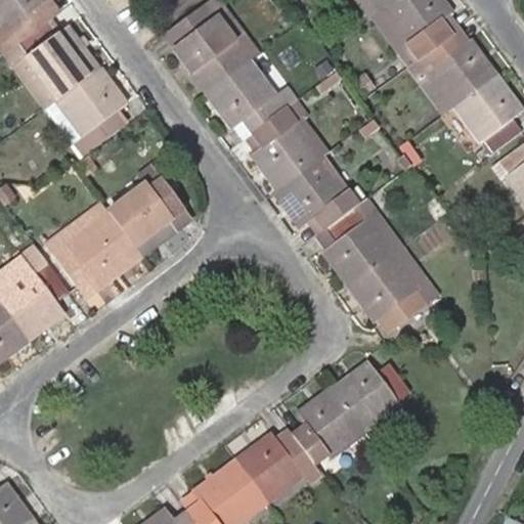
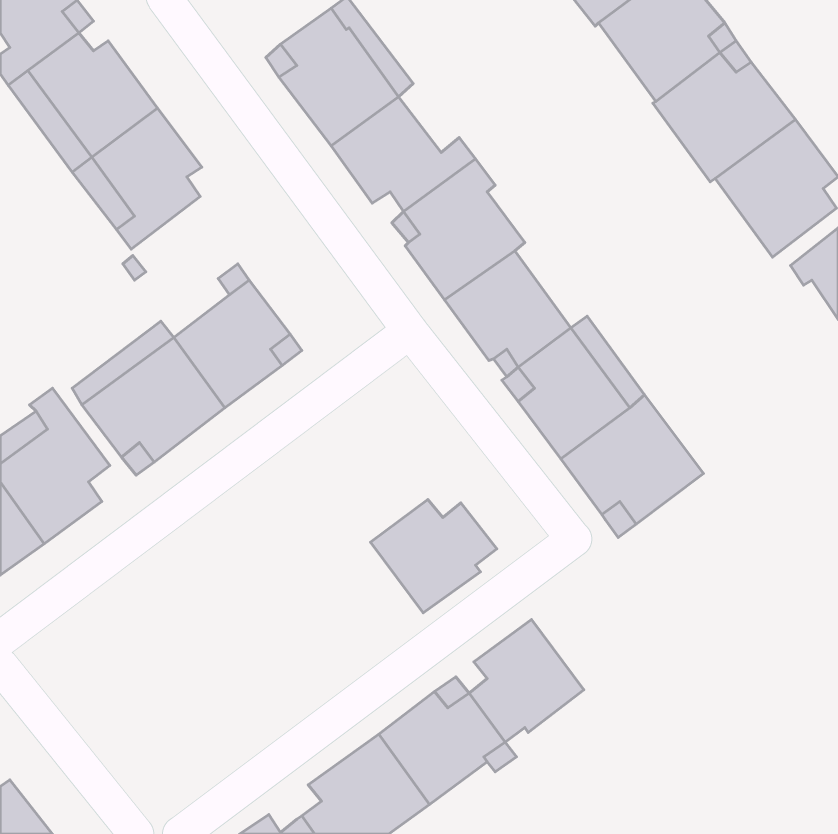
building: [332,360,410,431] -> [371,500,497,613]

